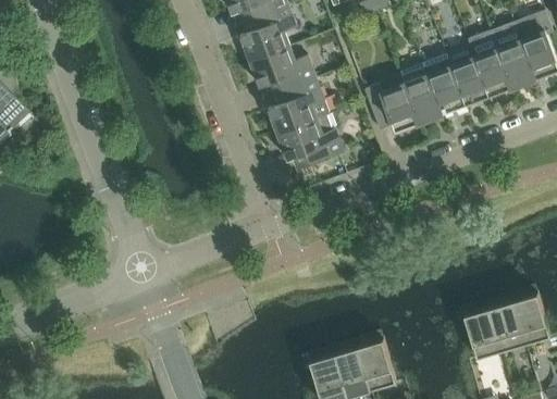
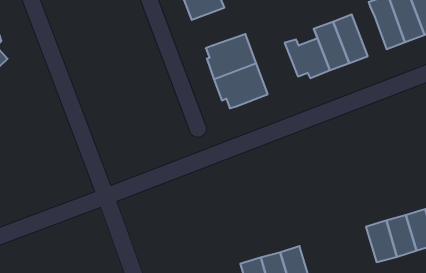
building: [249,45,315,95] -> none
building: [446,45,488,104] -> none

